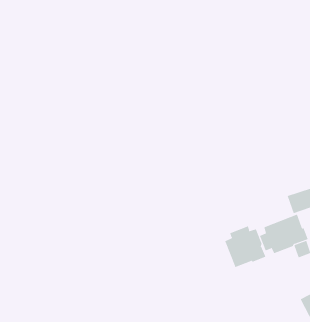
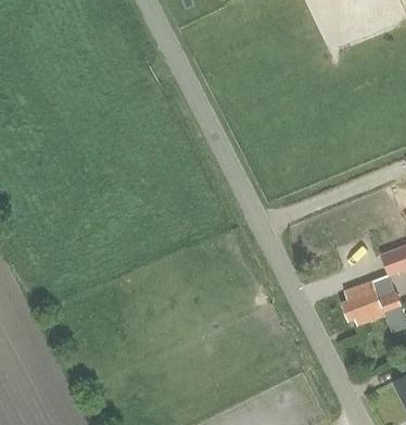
building: [225,226,266,268] -> none

